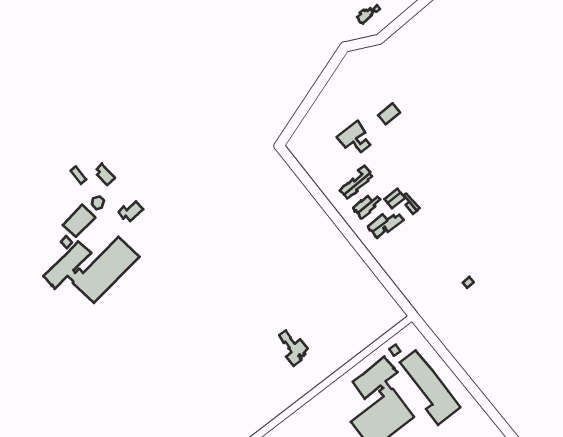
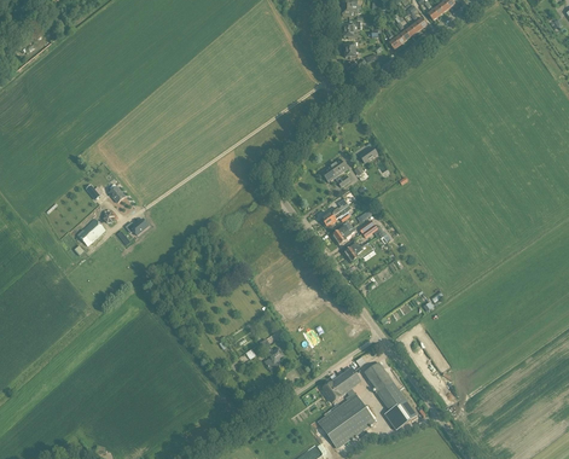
building: [43,237,140,303] -> none

